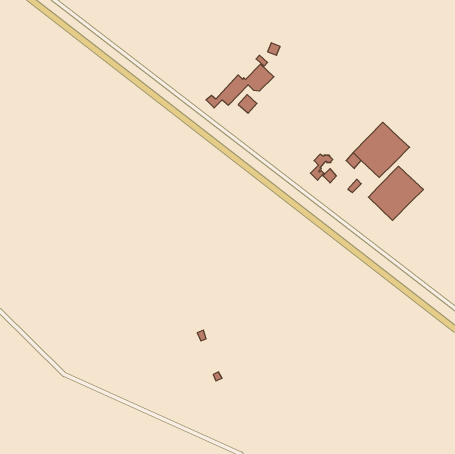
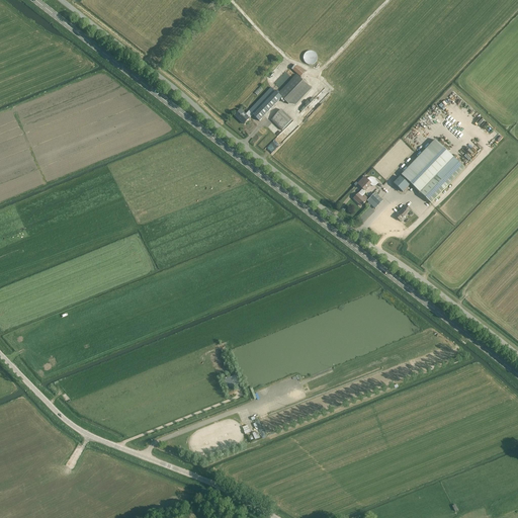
building: [368,166,423,220] -> none

